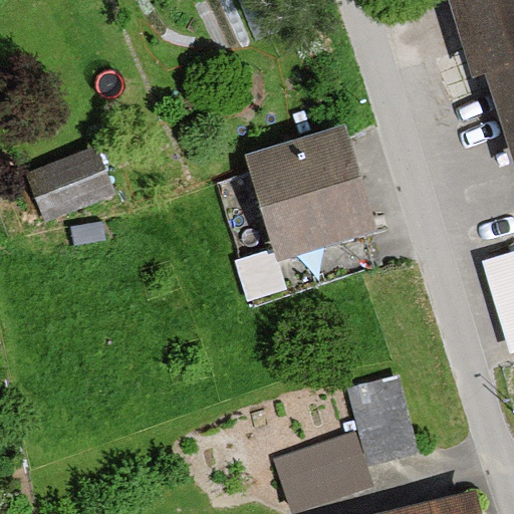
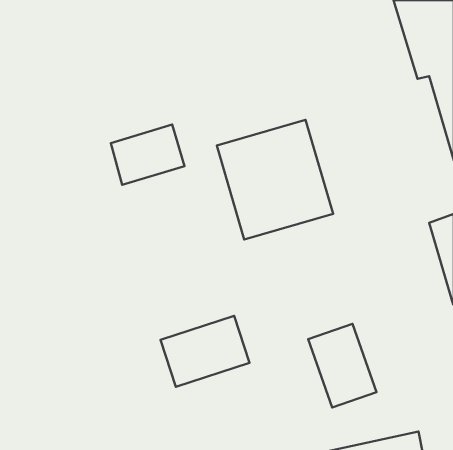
building: [36,142,119,210] -> [111,124,184,185]
building: [276,429,376,509] -> [161,316,249,387]

